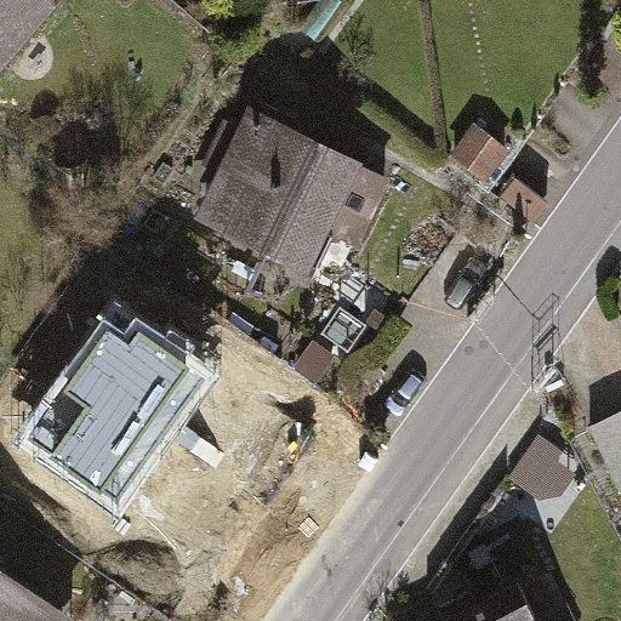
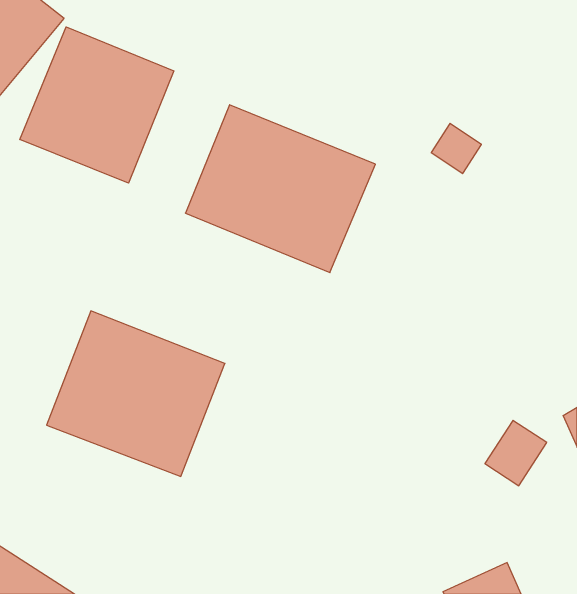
building: none -> [20,27,174,183]

